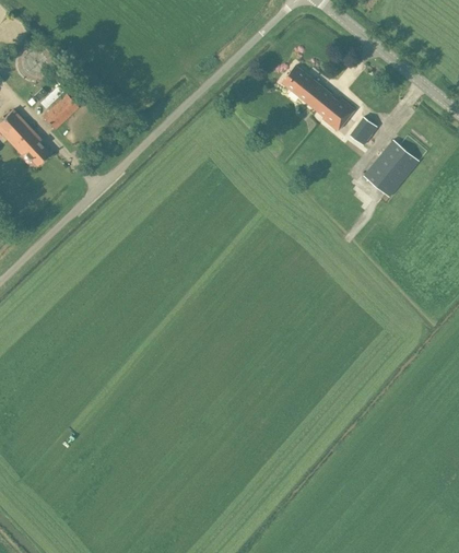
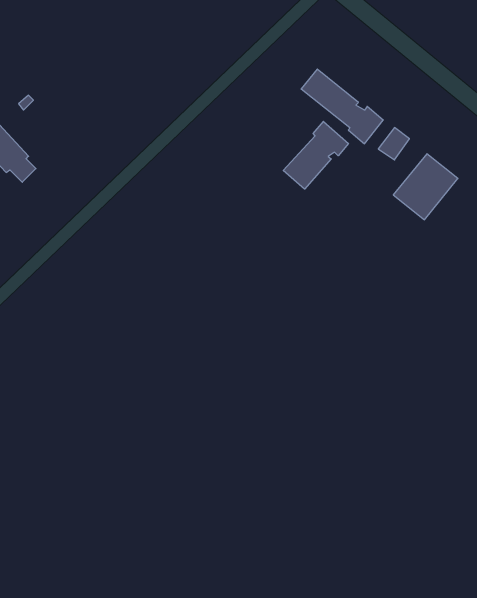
building: [43,94,79,130] -> none
building: none -> [283,121,348,189]

